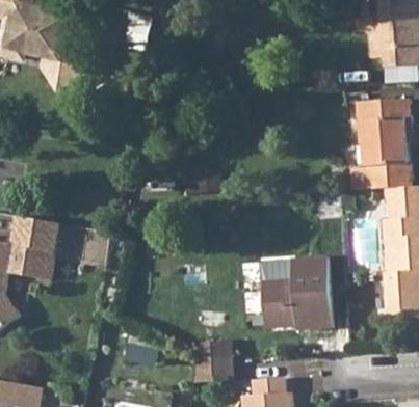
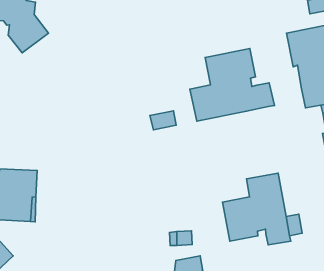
building: none -> [190,49,275,121]

